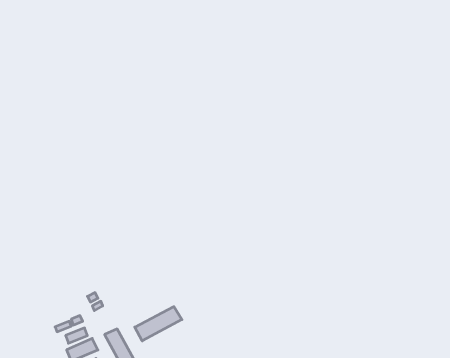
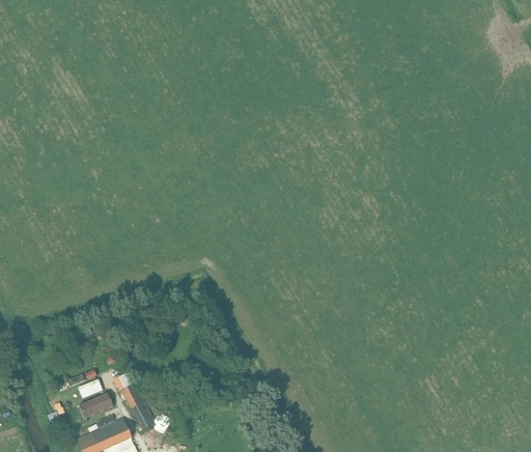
building: [135,307,182,341] -> none

